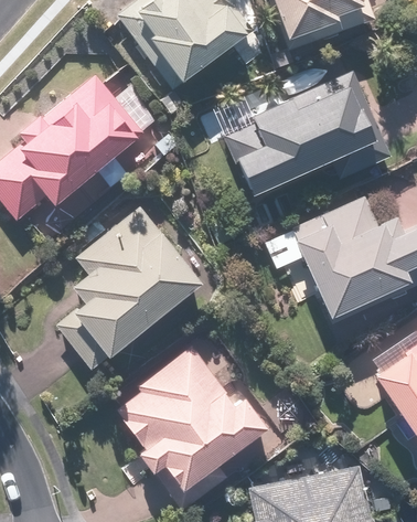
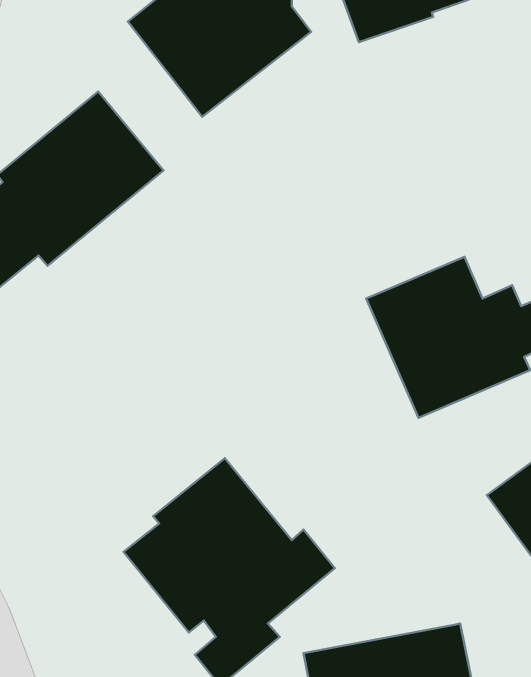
building: [226,74,381,196] -> none
building: [58,209,208,370] -> none

